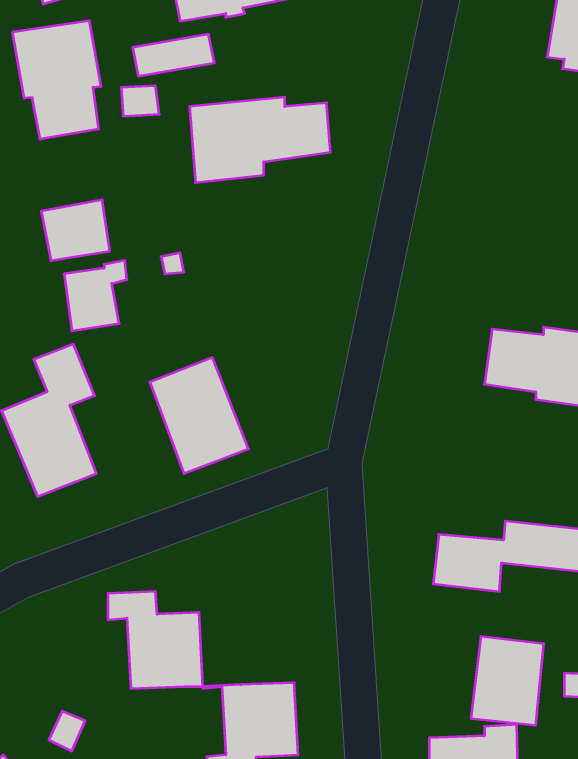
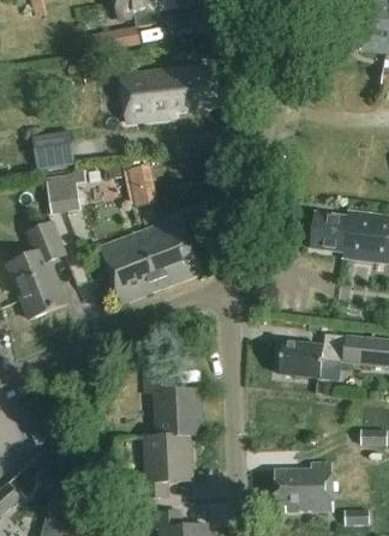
building: [13,21,101,139] -> none
building: none -> [125,163,156,206]
building: none -> [138,216,202,288]
building: [108,591,203,688] -> [142,375,202,436]
building: [471,636,544,725] -> none

